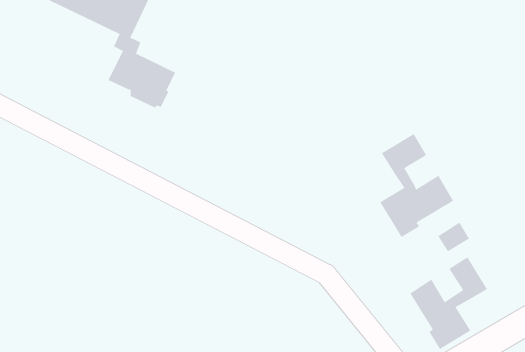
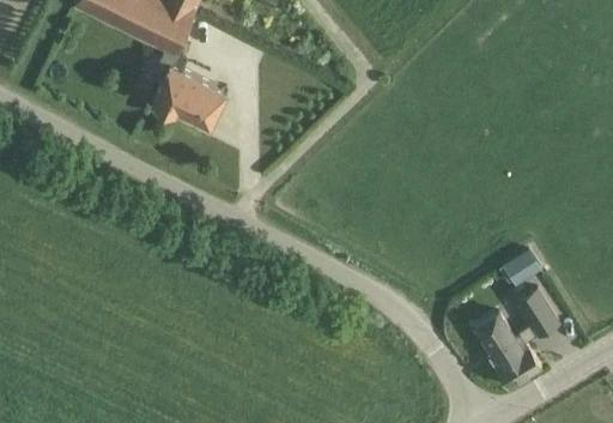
building: [380,133,454,238] -> none

